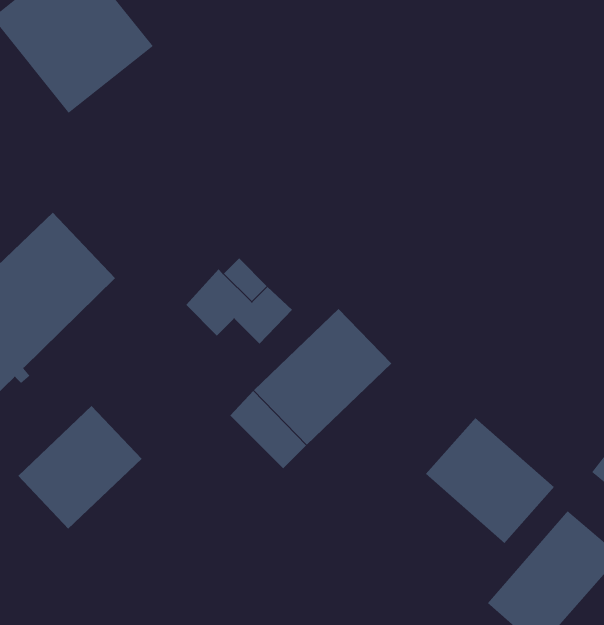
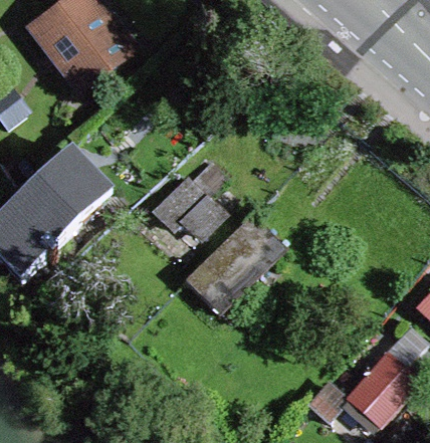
building: [17,405,142,530] -> none
building: [425,417,555,544] -> none

